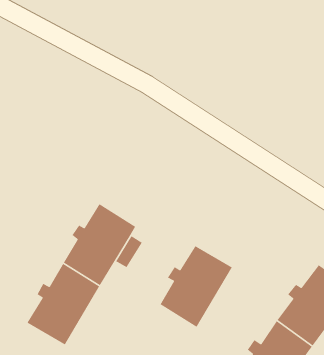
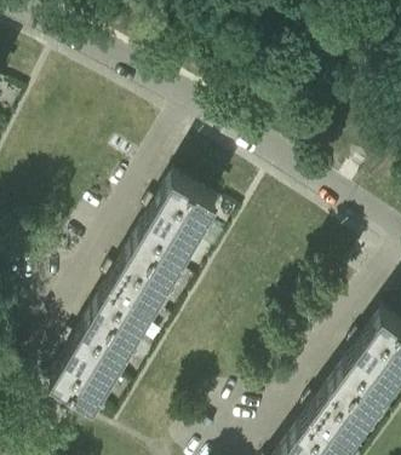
building: [159,245,233,328] -> [134,183,218,277]

